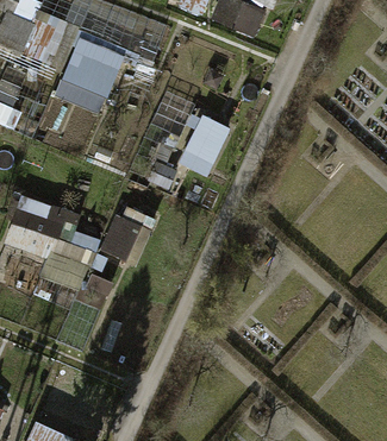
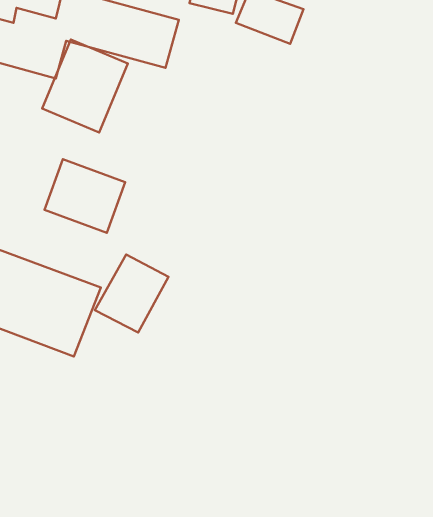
building: [176,114,231,177] -> none
building: none -> [45,159,125,233]

